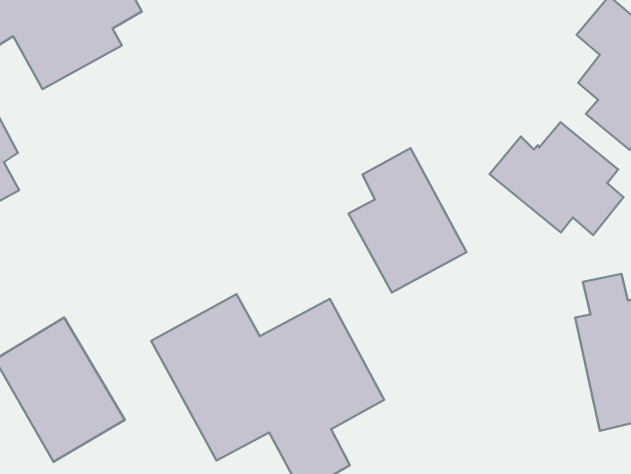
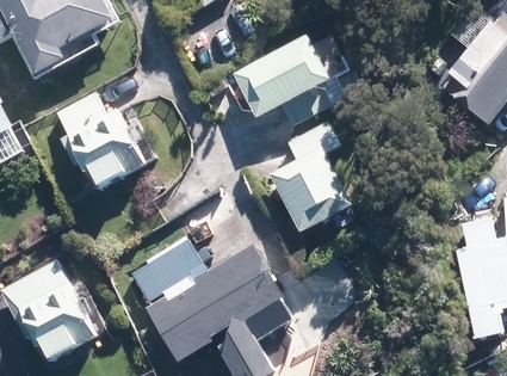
building: none -> [236,32,336,119]
building: none -> [51,90,150,191]
building: [489,122,623,235] -> none

